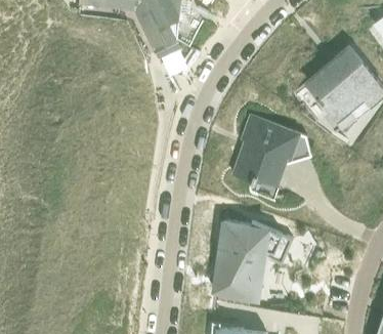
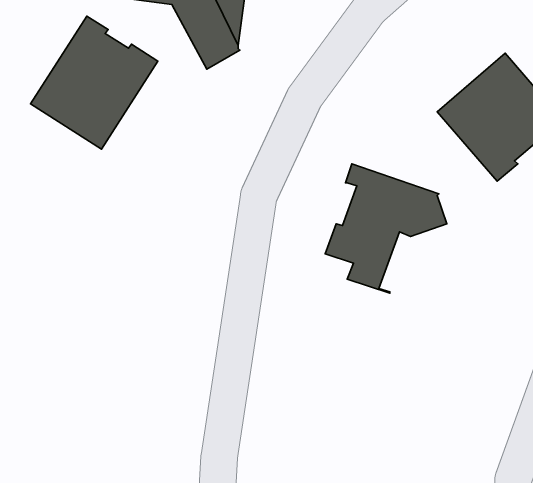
building: none -> [31,16,158,149]
building: [210,210,290,312] -> none

